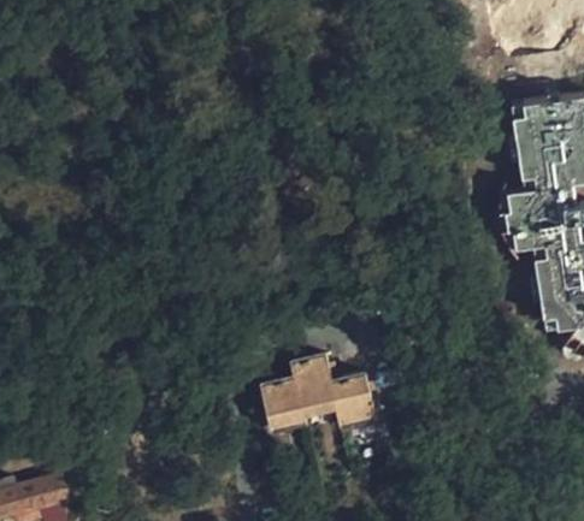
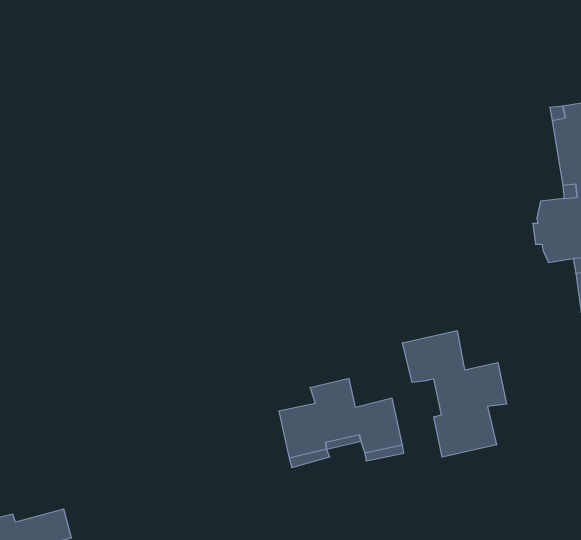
building: none -> [403,331,507,457]

